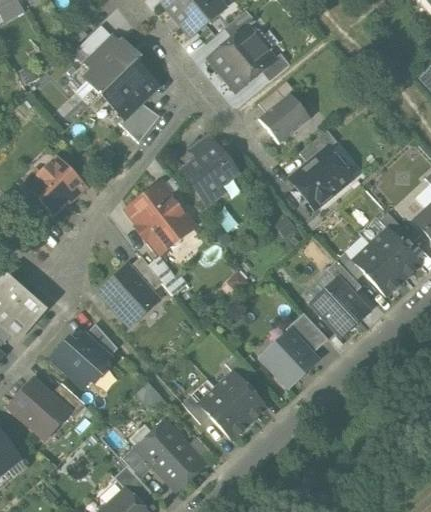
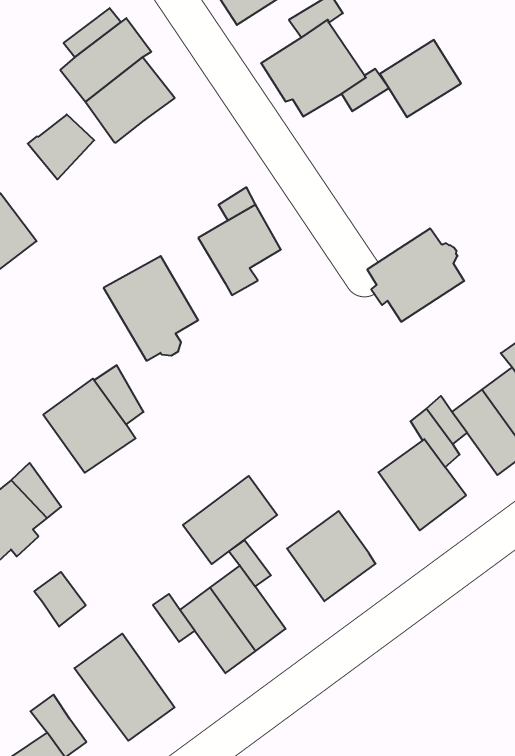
building: [259,93,310,143] -> [380,40,461,117]
building: [119,102,160,143] -> [28,114,94,179]
building: [299,130,337,163] -> none
building: [287,313,328,354] -> none
building: none -> [183,476,277,564]
building: [121,445,154,479] -> [34,572,86,627]

